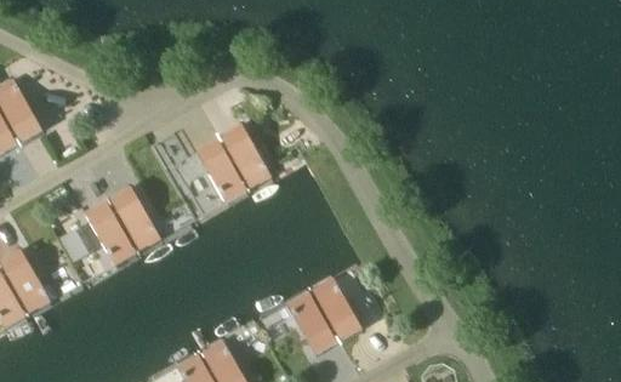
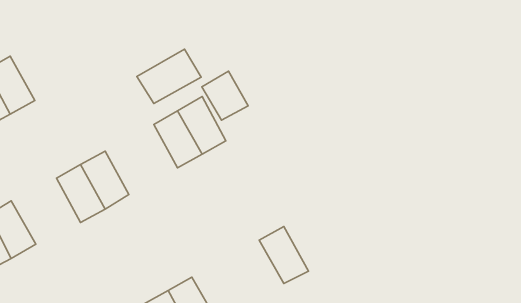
building: none -> [137,49,201,103]
building: none -> [202,71,248,120]
building: [281,292,338,359] -> none

